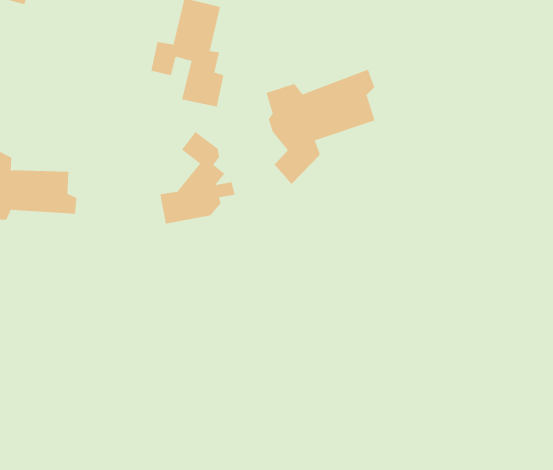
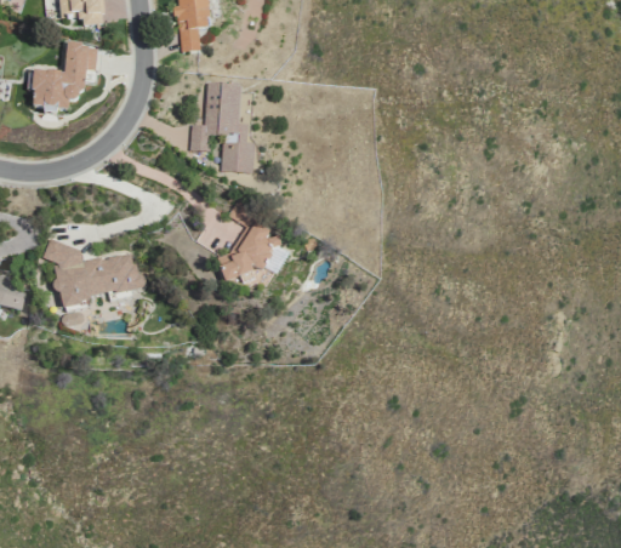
building: [266,69,375,185] -> none

